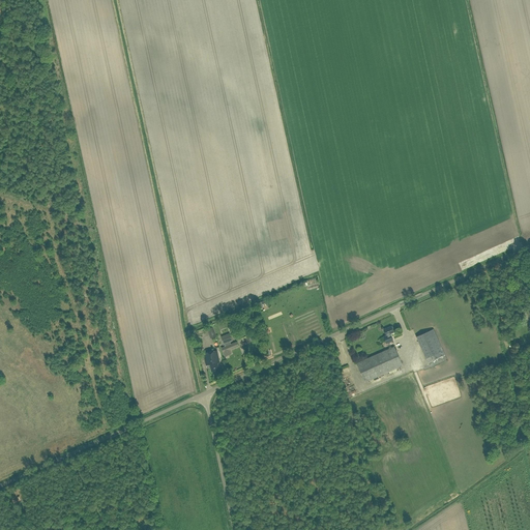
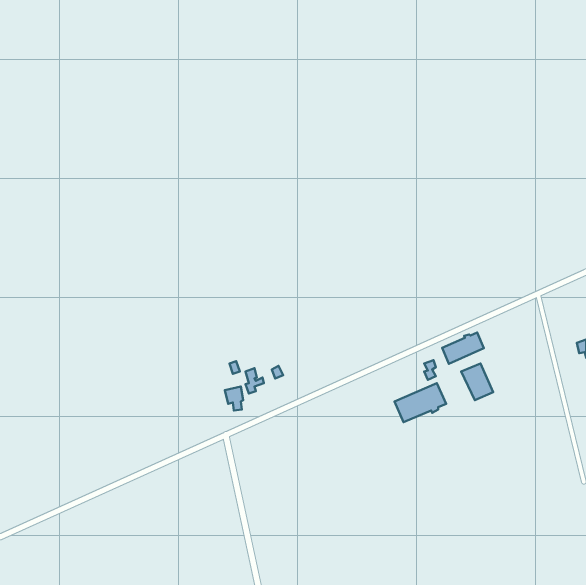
building: none -> [442,333,484,364]

